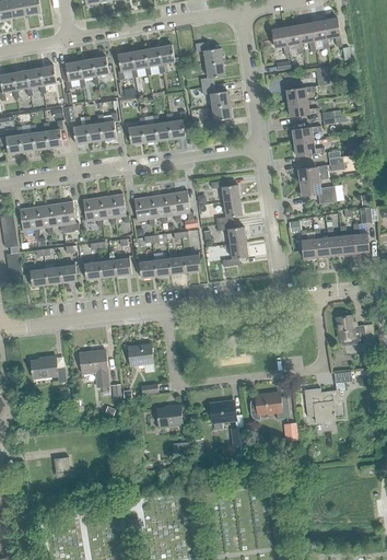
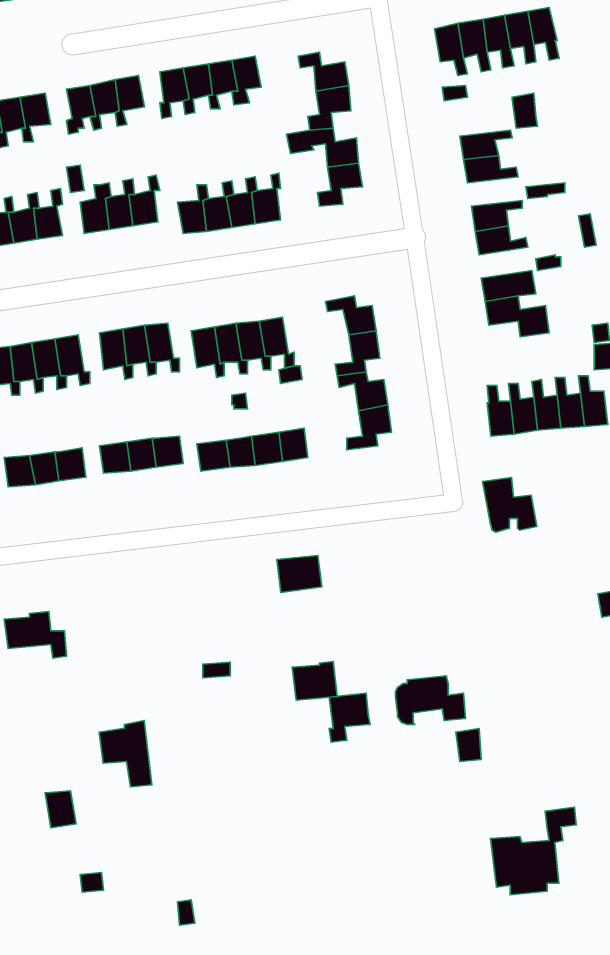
building: [335,315,365,346] -> [482,478,537,532]
building: [127,345,152,365] -> [277,556,322,593]
building: [79,350,108,387] -> [99,720,152,787]
building: [303,372,351,421] -> [491,807,576,895]
building: [156,405,181,427] -> [292,661,337,700]

